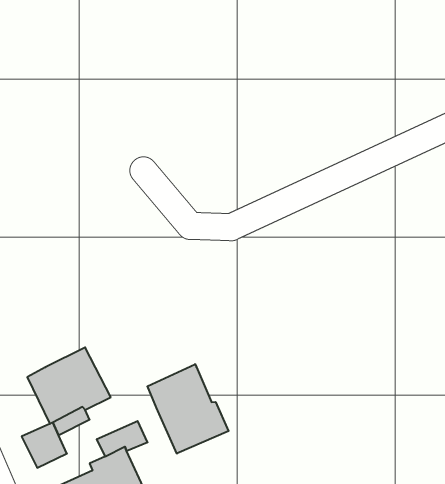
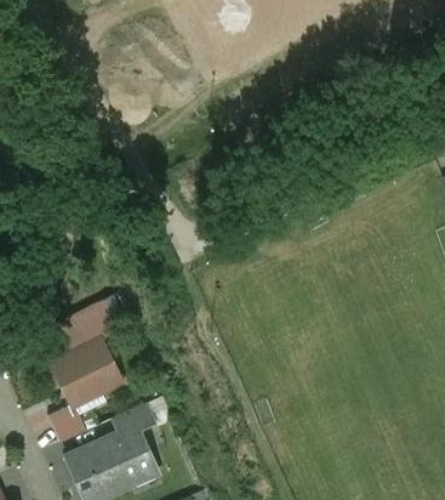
building: none -> [52,302,113,357]
building: [147,364,229,454] -> none

